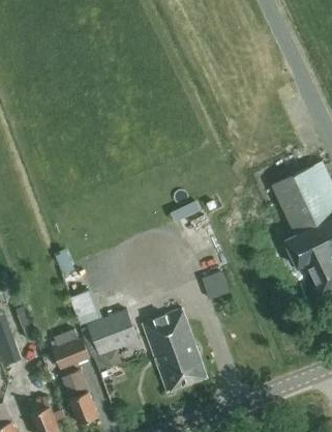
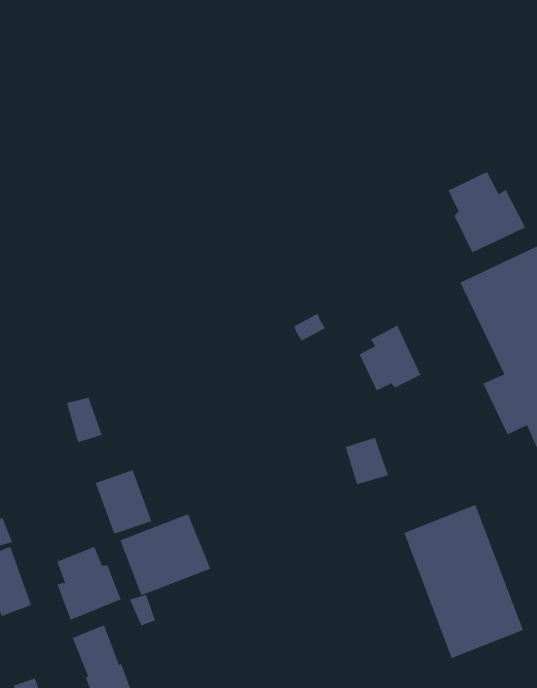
building: none -> [448,171,526,253]
building: none -> [359,325,421,391]
building: [141,310,206,394] -> [403,504,524,659]

